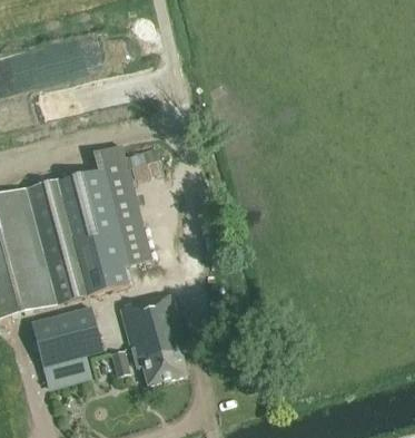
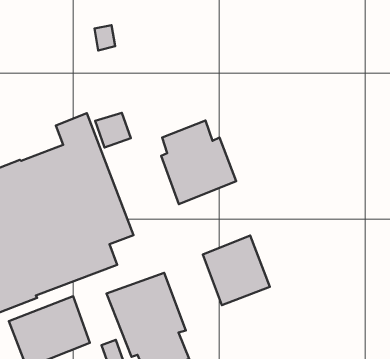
building: none -> [161,121,236,204]
building: none -> [203,235,270,305]

